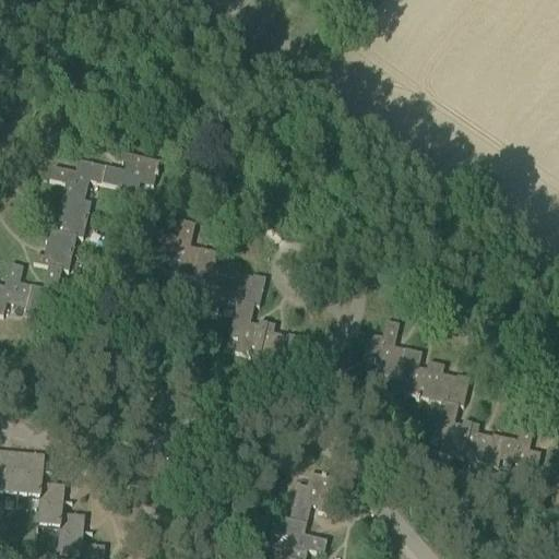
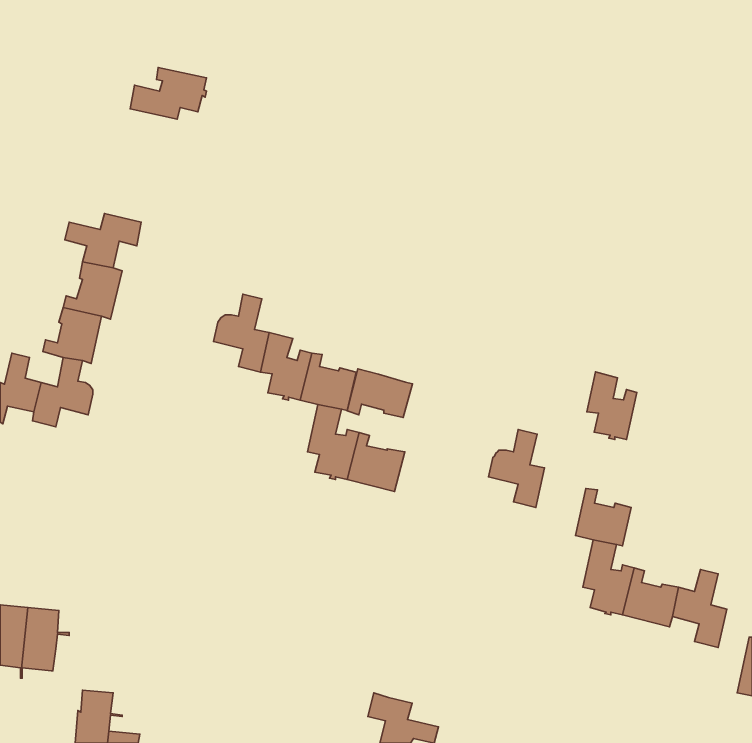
building: [102,152,158,190] -> [130,68,207,119]
building: none -> [347,369,412,418]
building: [397,347,435,397] -> [587,372,637,440]
building: [288,472,334,522] -> none
building: [35,481,71,534] -> none

